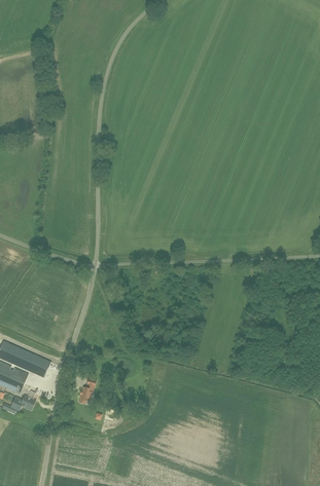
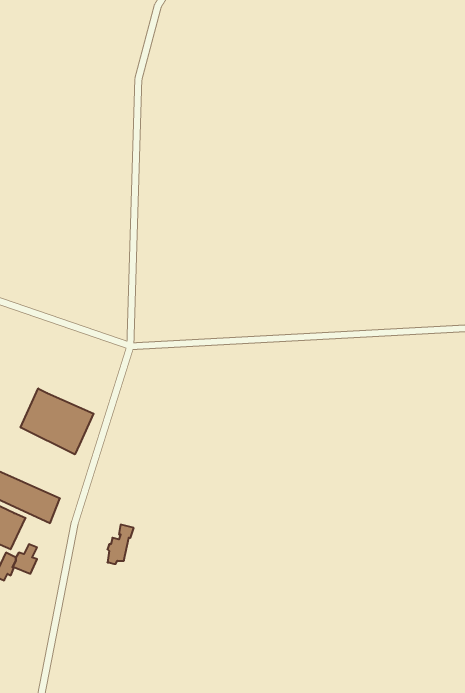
building: none -> [21,388,94,454]

